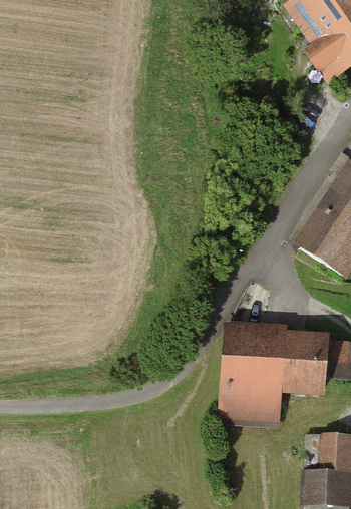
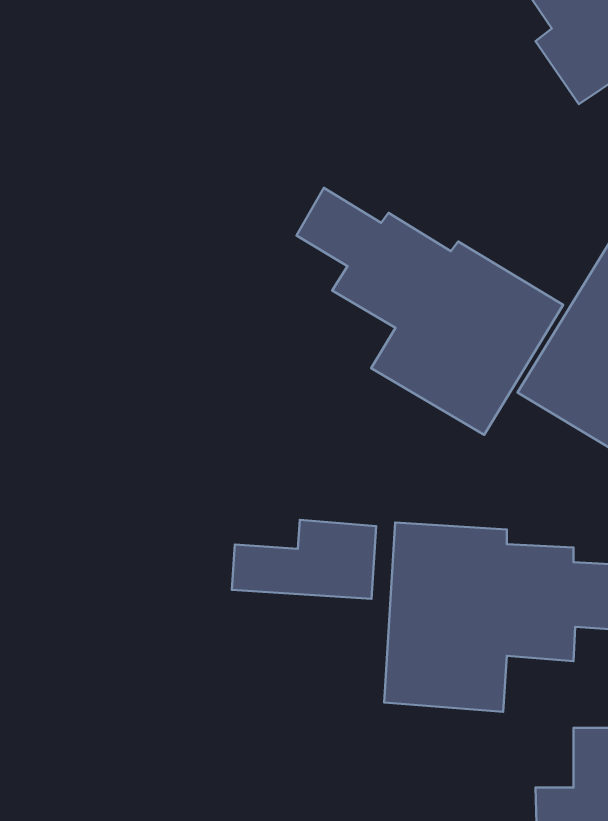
building: none -> [297,188,563,435]
building: none -> [232,520,376,599]

